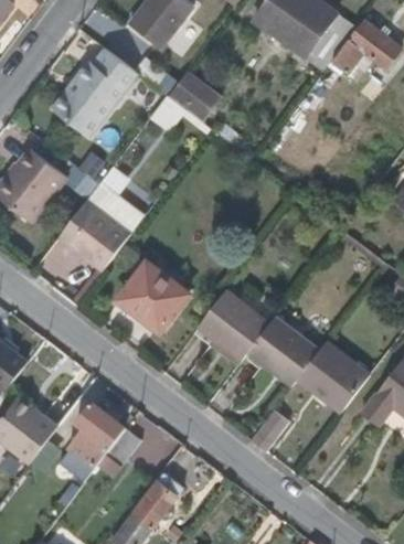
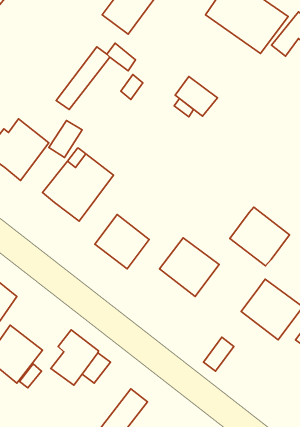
building: [52,49,123,126] -> none
building: [169,72,220,119] -> [175,77,217,116]
building: [246,316,318,386] -> [230,207,290,266]

